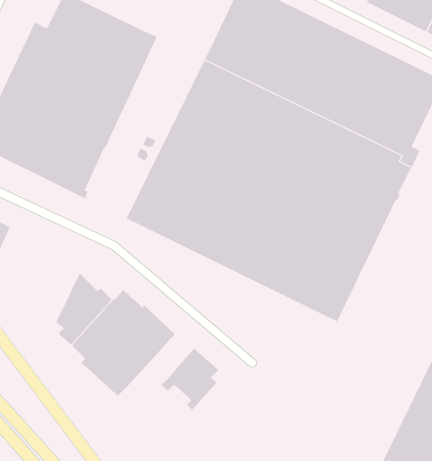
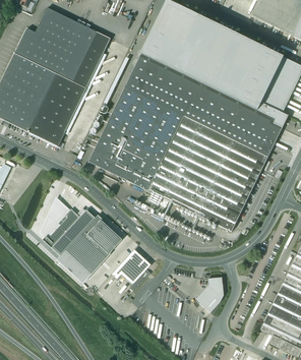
building: none -> [195,276,224,312]

